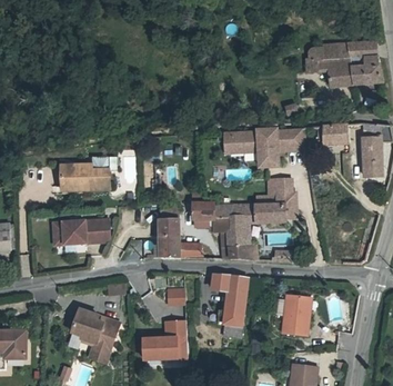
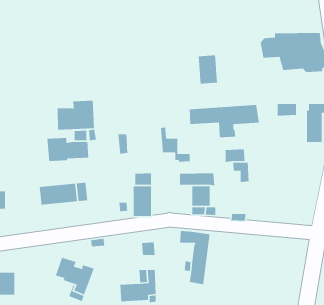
building: none -> [198,54,218,85]
building: none -> [57,100,95,131]
building: [192,190,228,232] -> [160,127,191,163]
building: [254,205,284,222] -> none
building: [282,295,311,335] -> none

